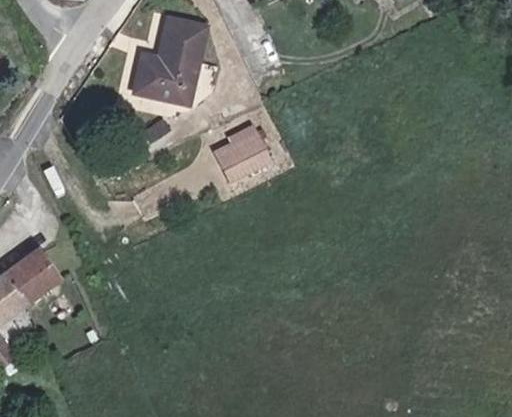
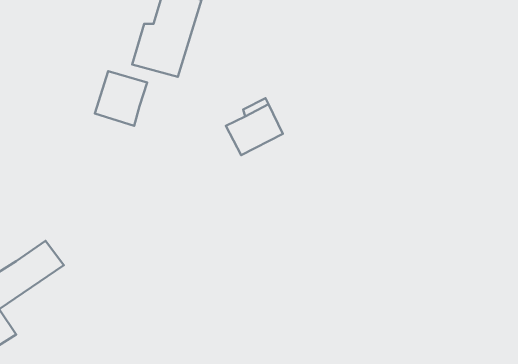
building: none -> [95,71,147,126]

